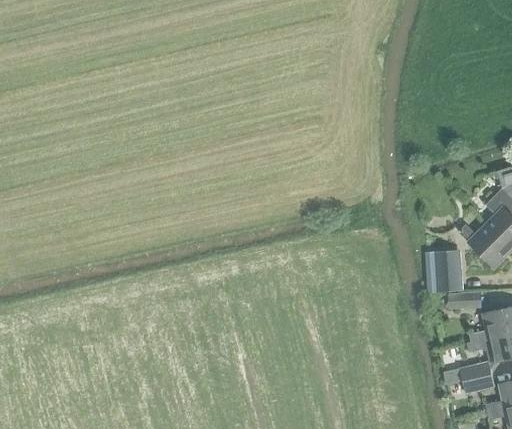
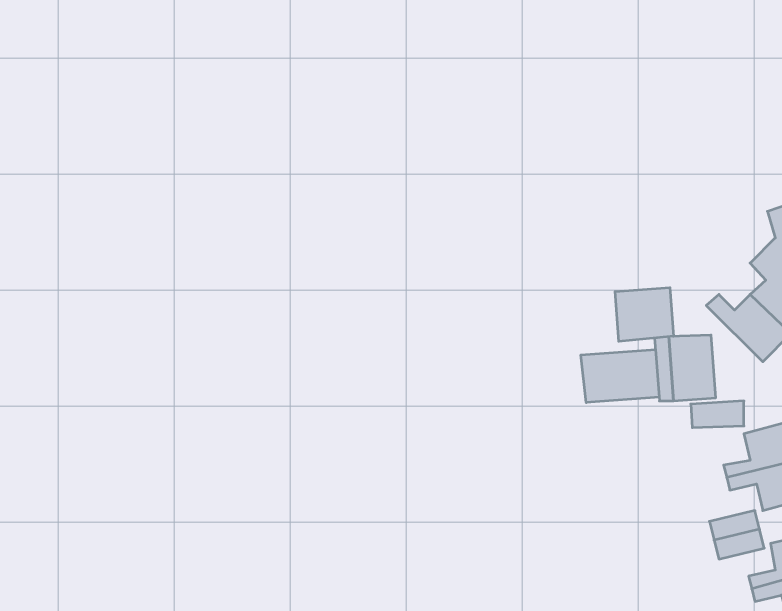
building: none -> [615,288,673,341]
building: none -> [581,349,659,403]

